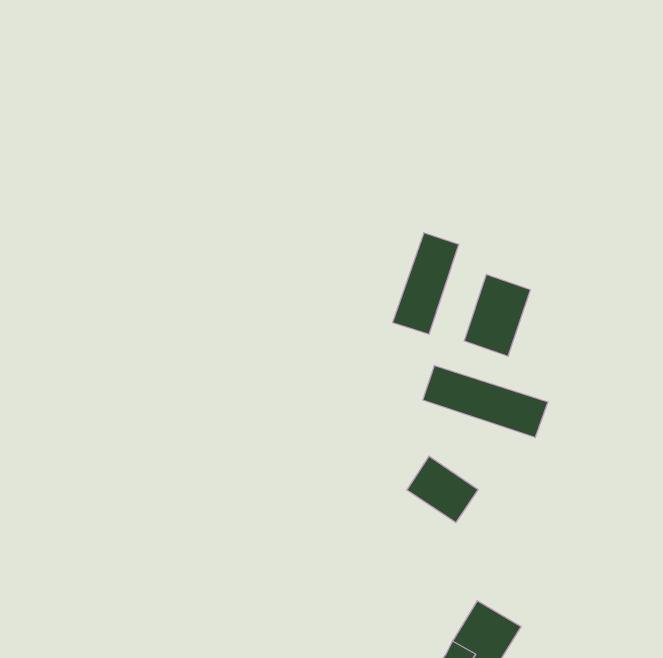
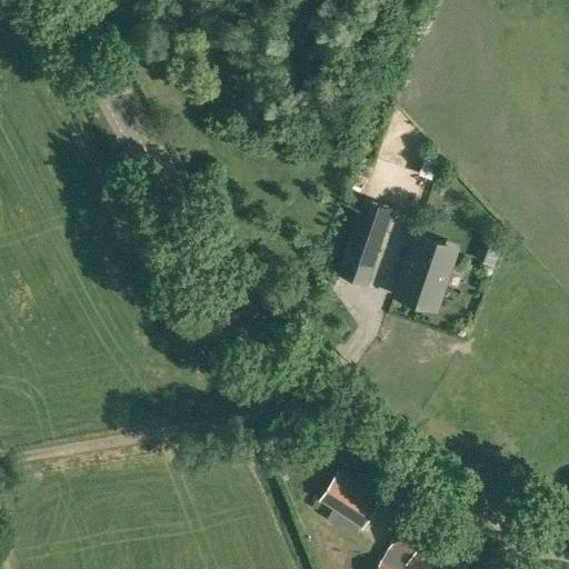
building: [423,365,548,438] -> none
building: [407,456,478,522] -> [321,475,382,531]

